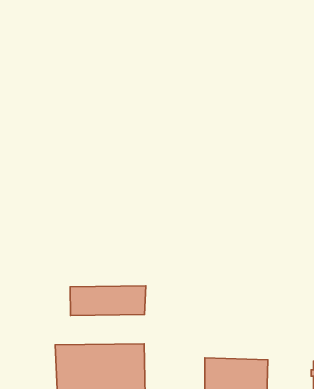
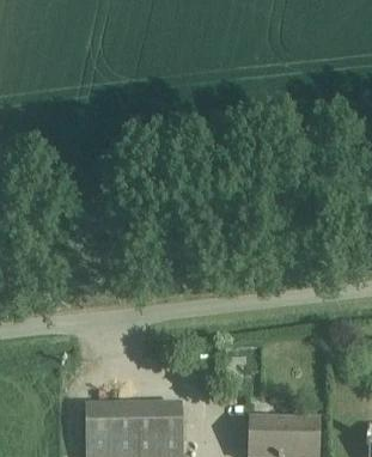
building: [70,286,146,315] -> none

